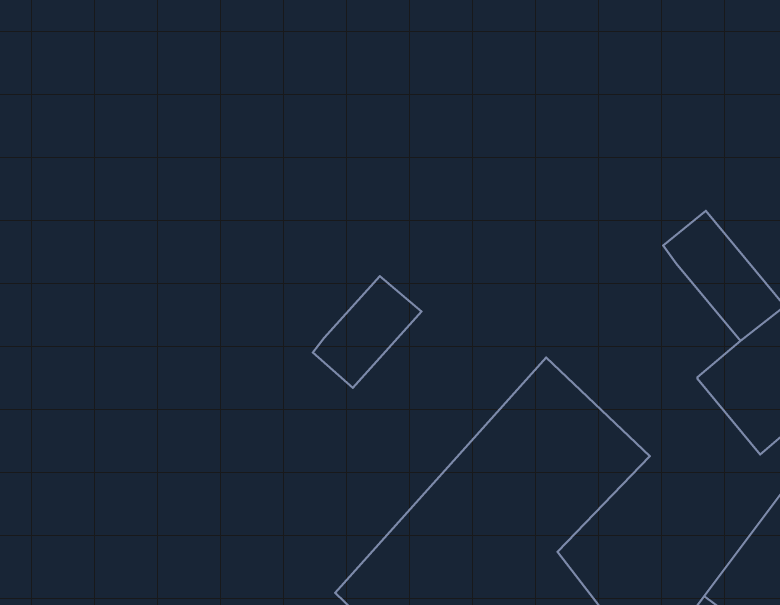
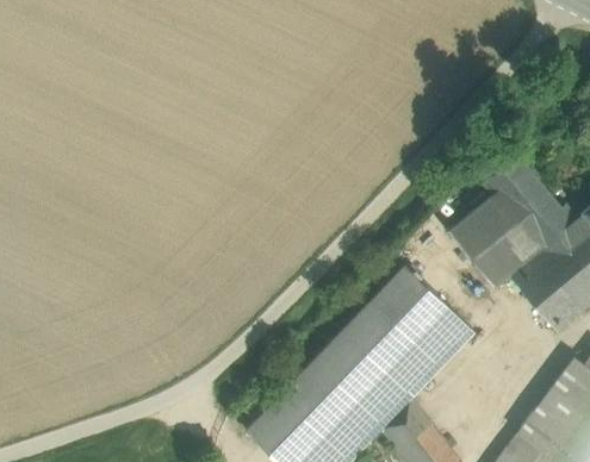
building: none -> [449,194,542,291]
building: [313,276,421,388] -> none

